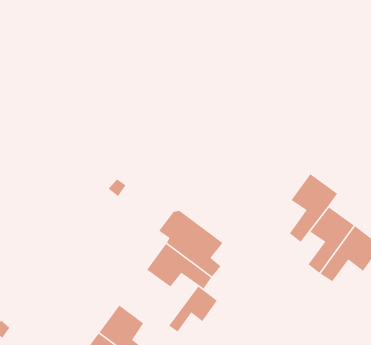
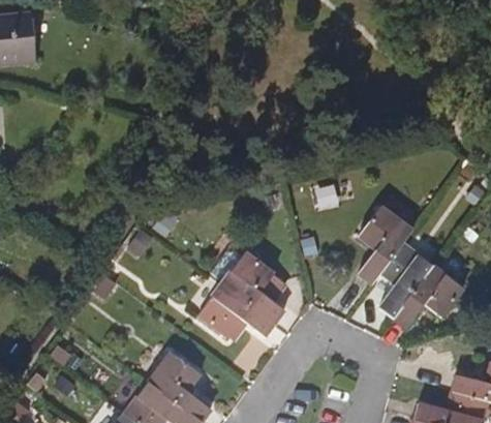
building: [168,285,218,333] -> none

